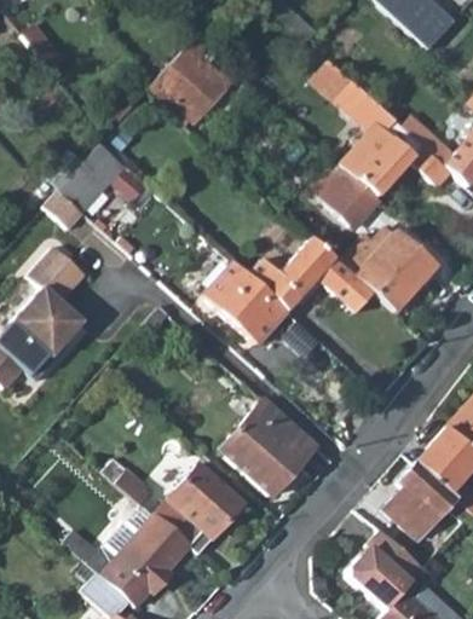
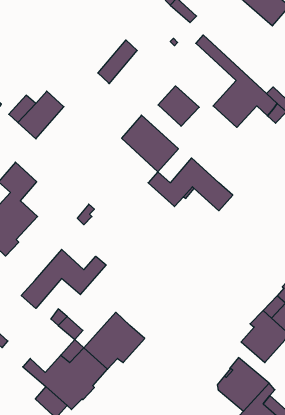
building: [146,42,215,115] -> none
building: [318,163,379,222] -> [158,86,199,126]
building: [352,232,434,313] -> none
building: [203,261,287,345] -> [122,115,178,172]
building: none -> [21,249,106,308]
building: [220,399,316,496] -> none

